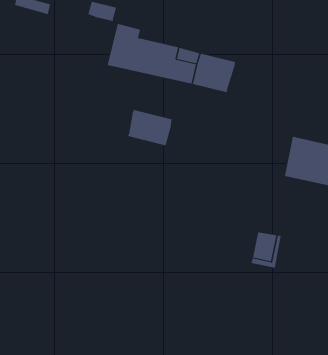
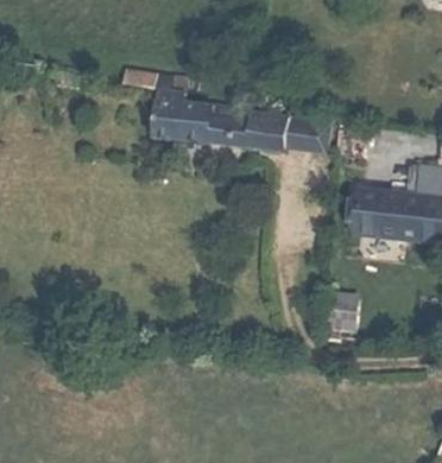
building: none -> [284,119,330,151]
building: [127,109,172,146] -> none

